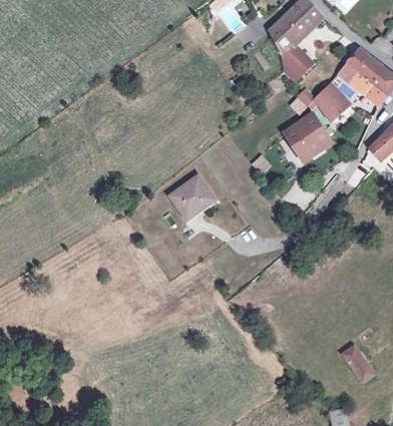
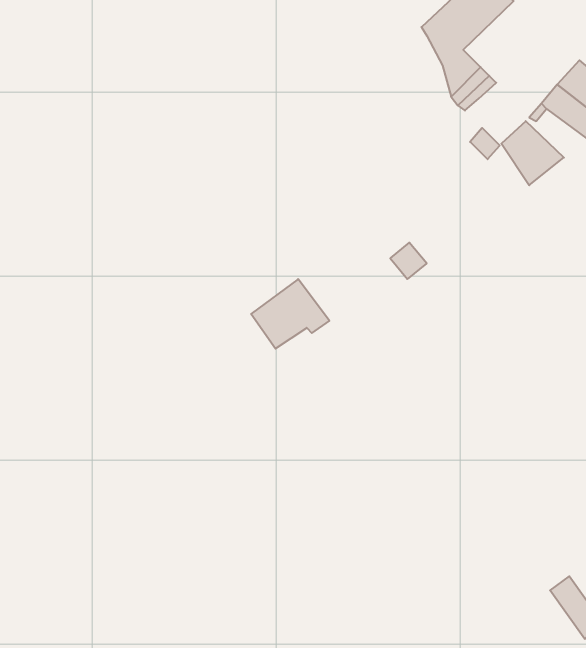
building: [284,113,332,159] -> none

